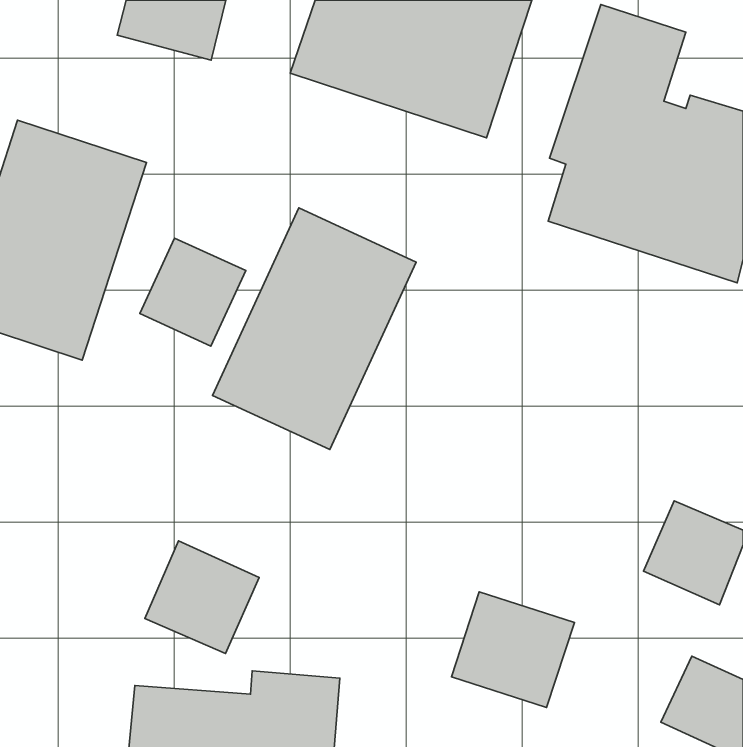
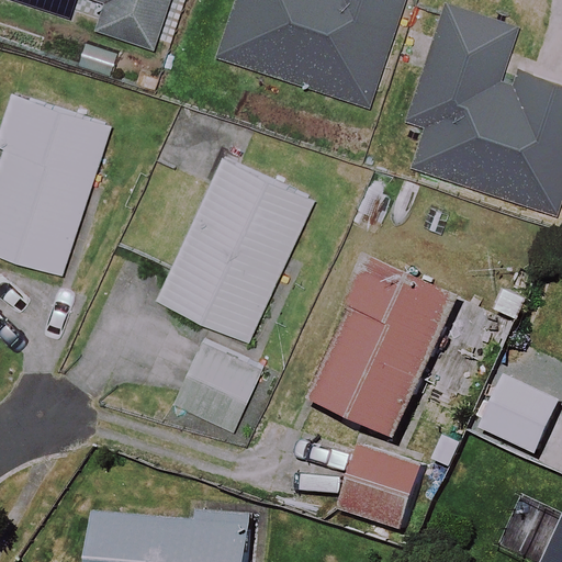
building: [140,238,246,346] -> none
building: none -> [312,257,462,440]
building: [145,541,259,654] -> [172,342,258,427]

